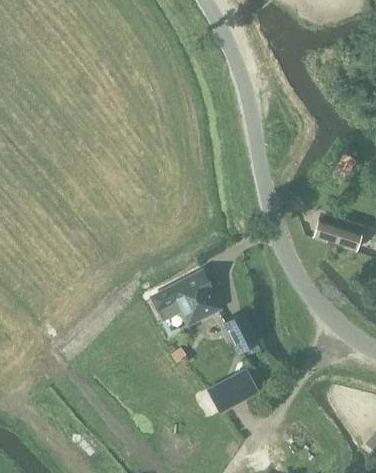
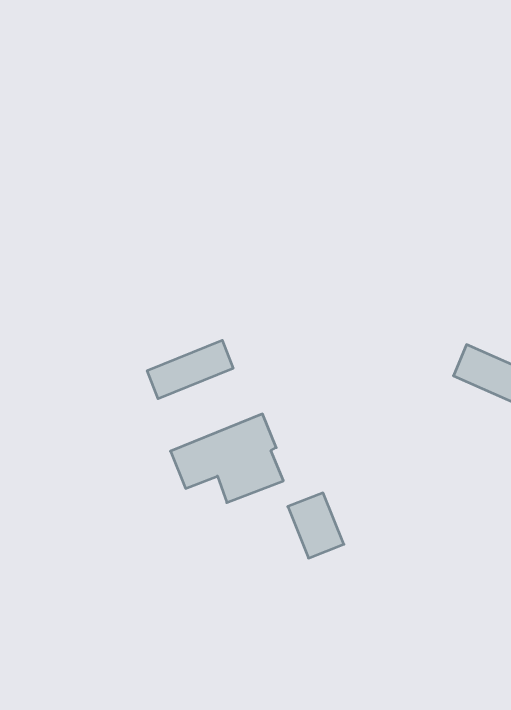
building: none -> [147,340,233,399]
building: [209,368,259,408] -> none

